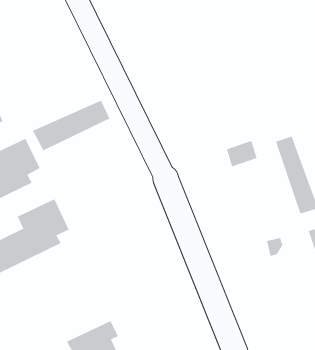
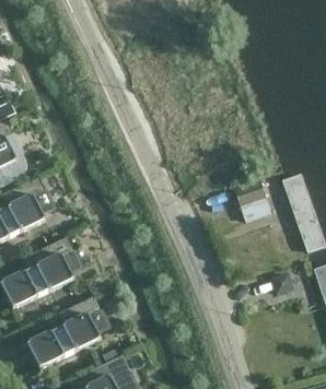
building: [32,100,110,151] -> none
building: none -> [25,295,107,368]

